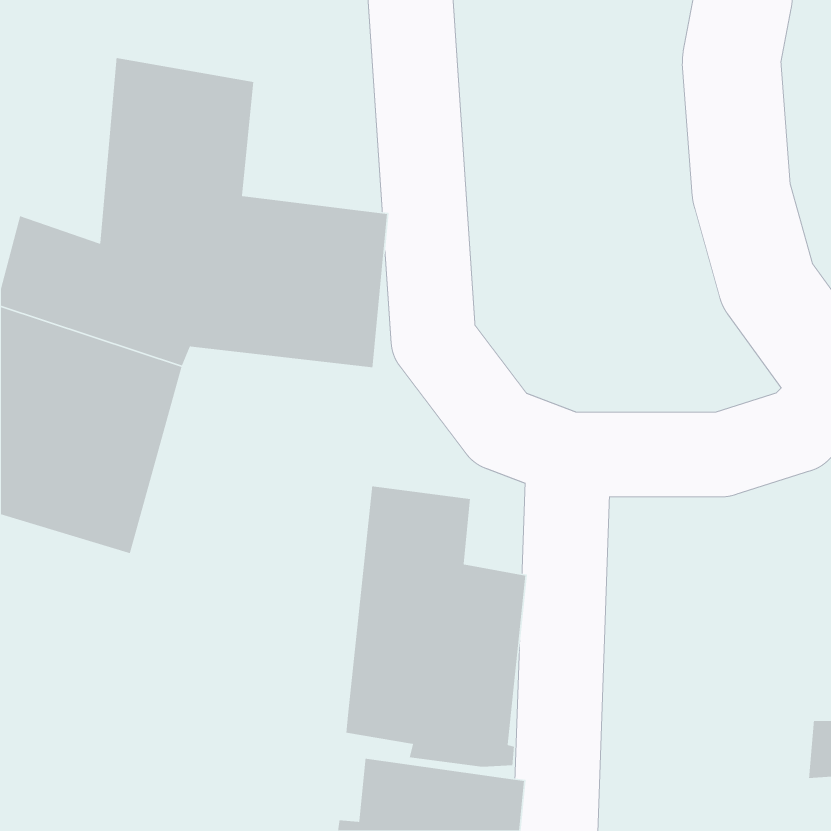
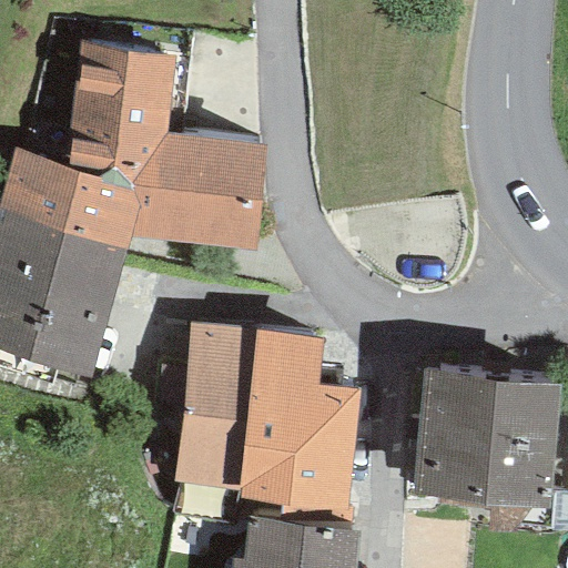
building: none -> [174,323,254,487]
building: none -> [415,369,561,508]

